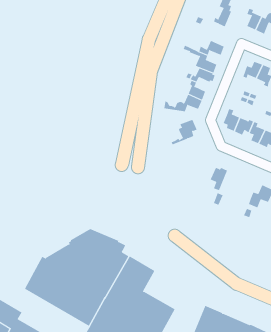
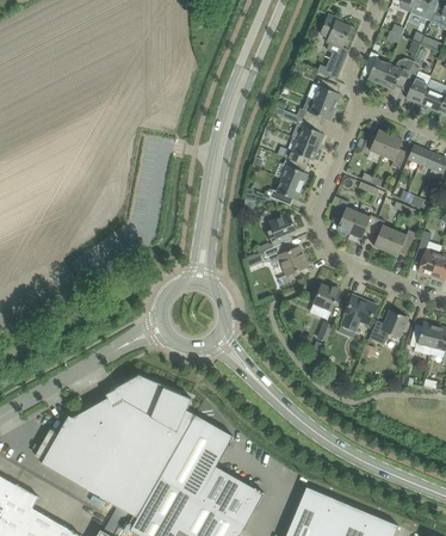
building: none -> [308,78,341,109]
building: none -> [259,244,308,276]
building: none -> [341,297,377,331]

